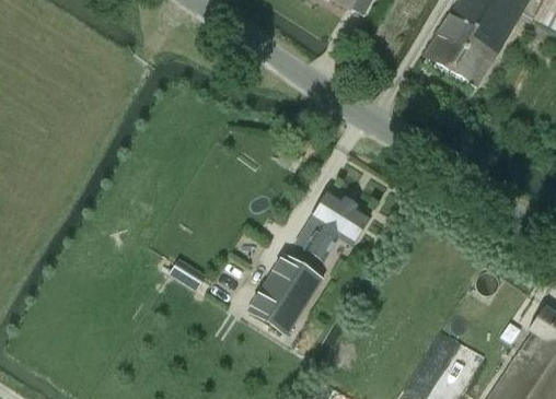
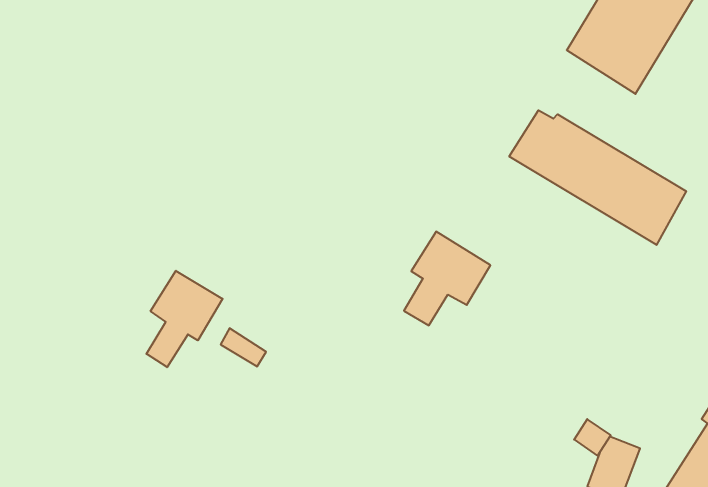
building: none -> [509,110,686,245]
building: none -> [146,271,223,367]
building: [247,254,322,335] -> none

